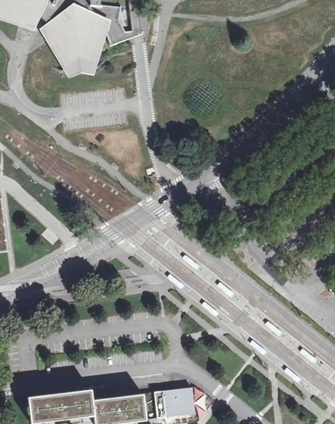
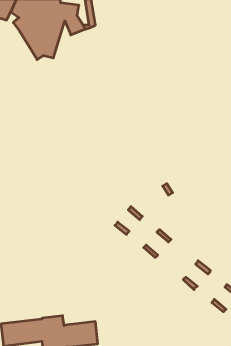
building: [154,389,194,419] -> none

